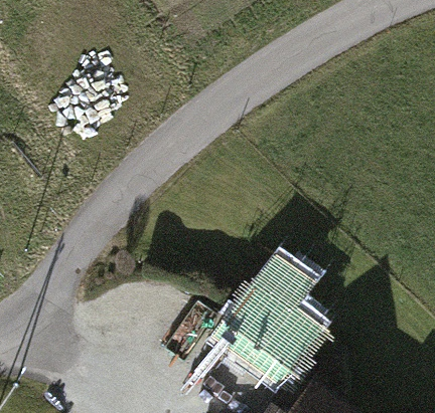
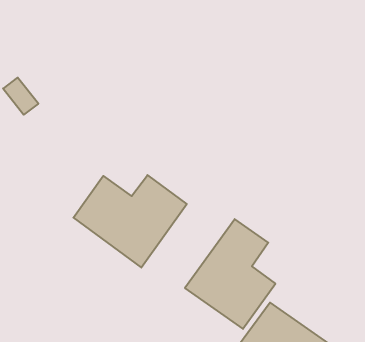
building: none -> [73,175,187,268]

